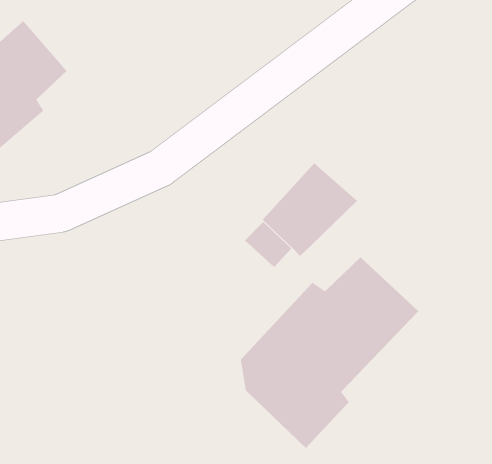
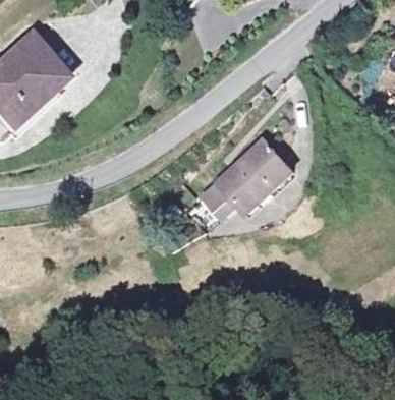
building: [240,256,419,449] -> none

